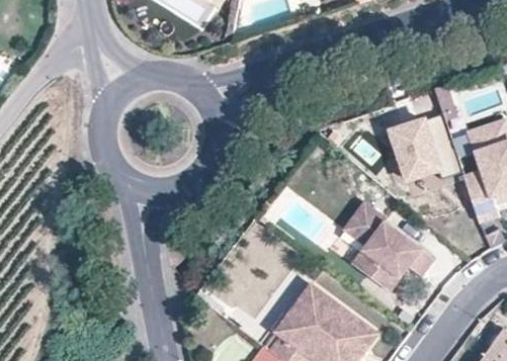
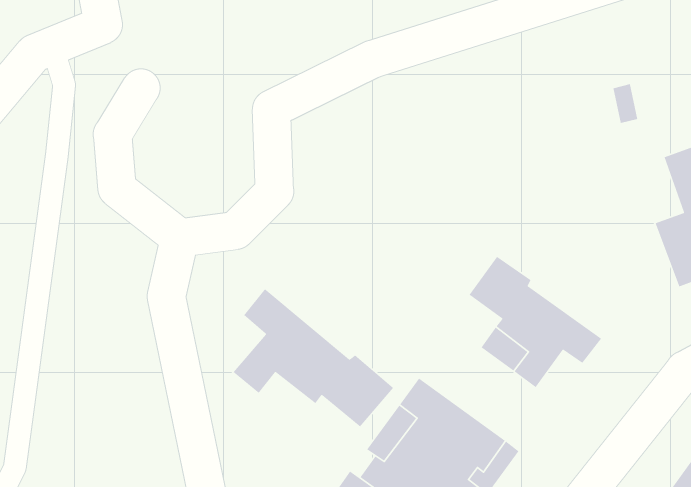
building: [391,114,461,188] -> none
building: none -> [232,288,394,428]

